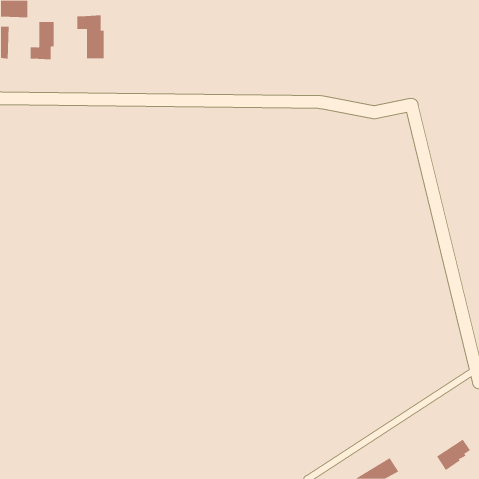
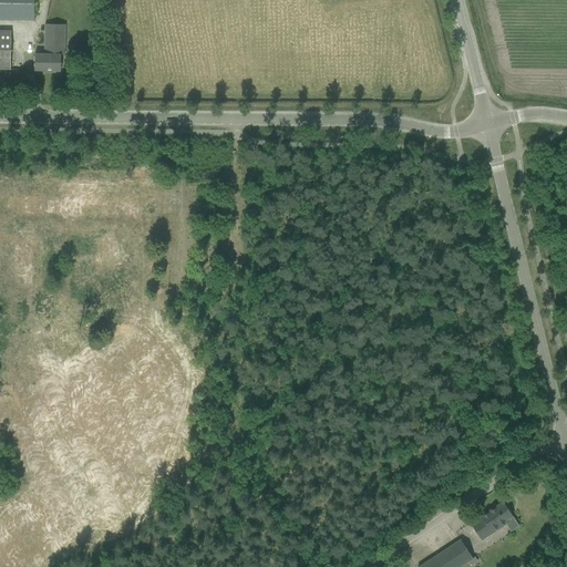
building: [77,14,104,59] -> none
building: [436,439,471,471] -> [471,503,512,540]

